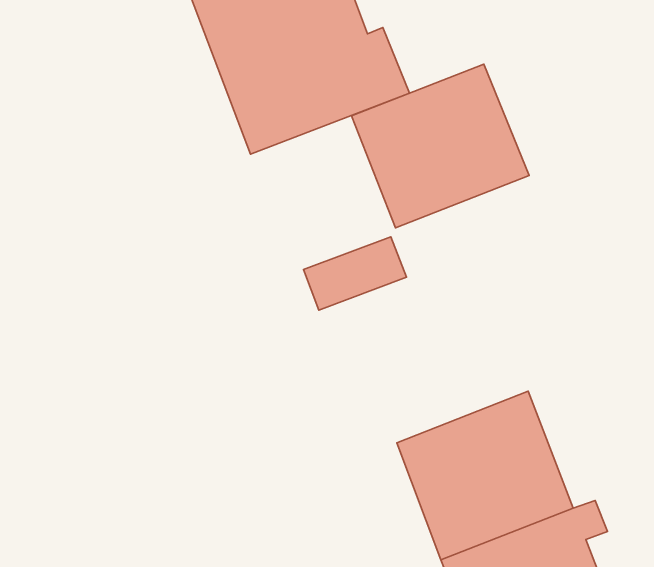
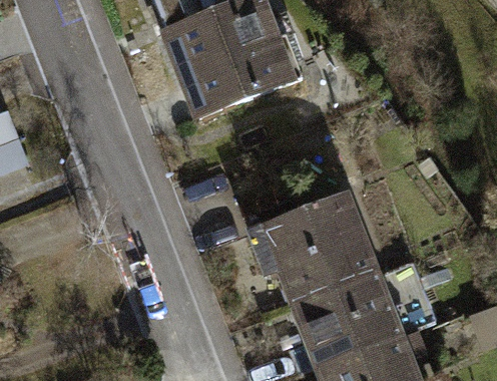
building: [351,64,529,228] -> none
building: none -> [246,192,377,299]

